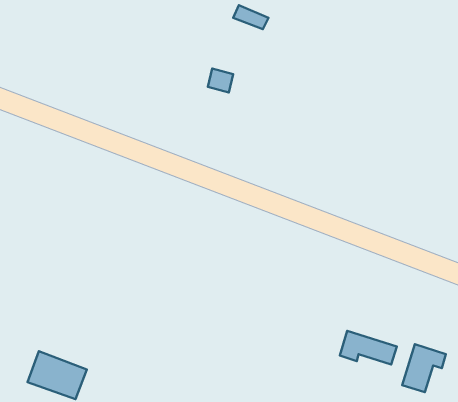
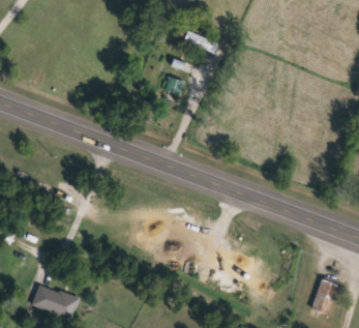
building: [340,331,397,364] -> none

